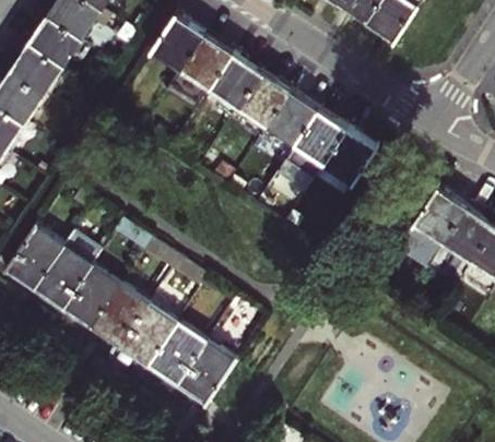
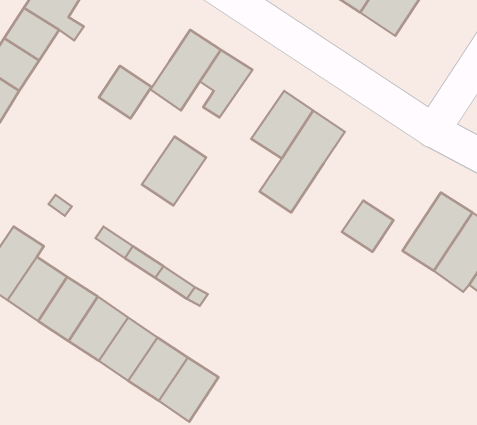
building: [156,16,205,65] -> [99,66,152,118]
building: [233,73,293,138] -> [142,136,206,205]
building: [330,131,378,179] -> [342,200,393,252]

